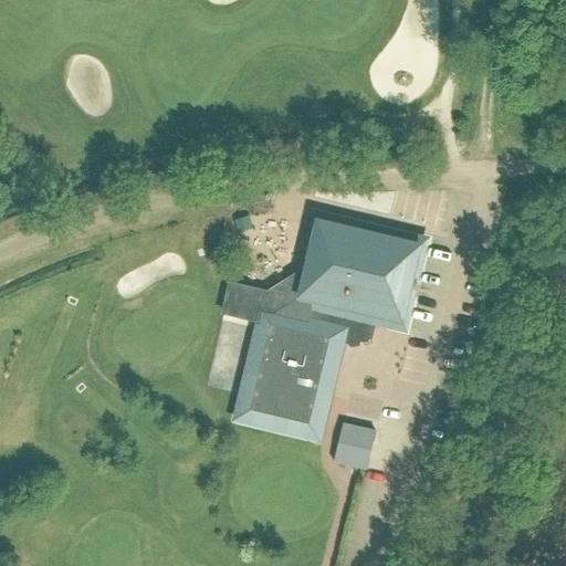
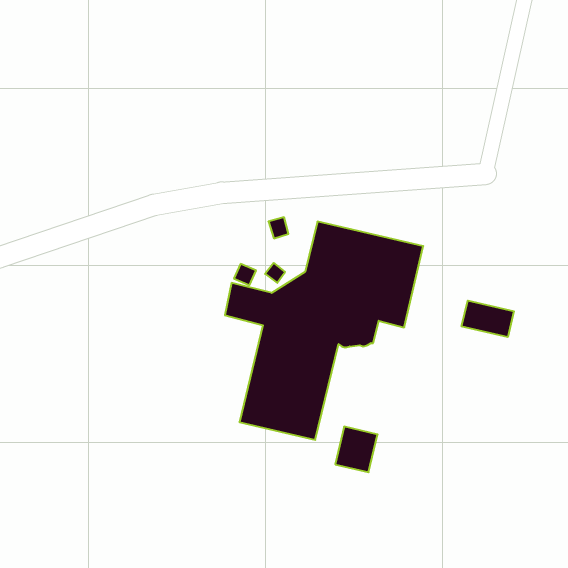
building: none -> [462,301,514,337]

